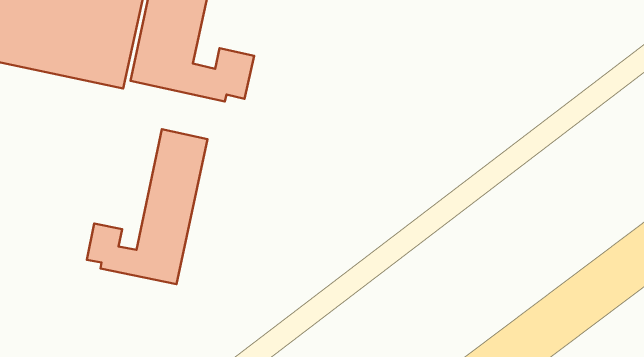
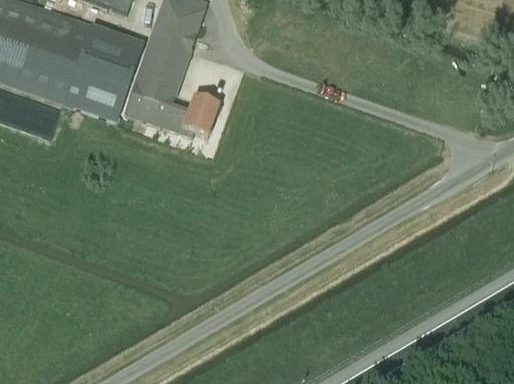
building: [87,129,208,284] -> none

